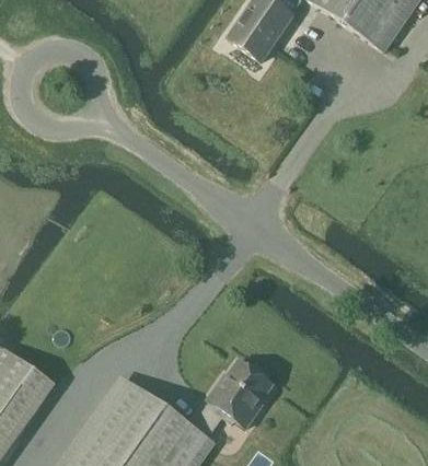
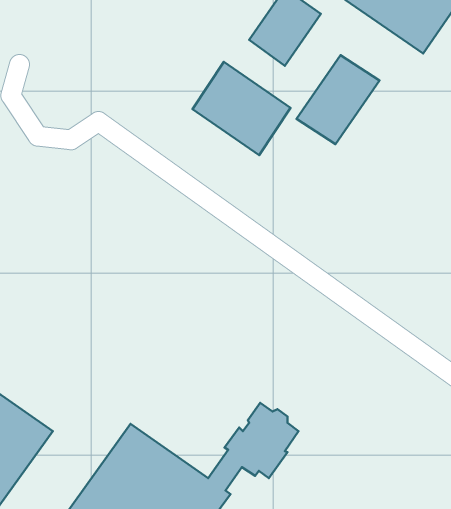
building: none -> [296,55,379,144]
building: none -> [193,62,290,155]

